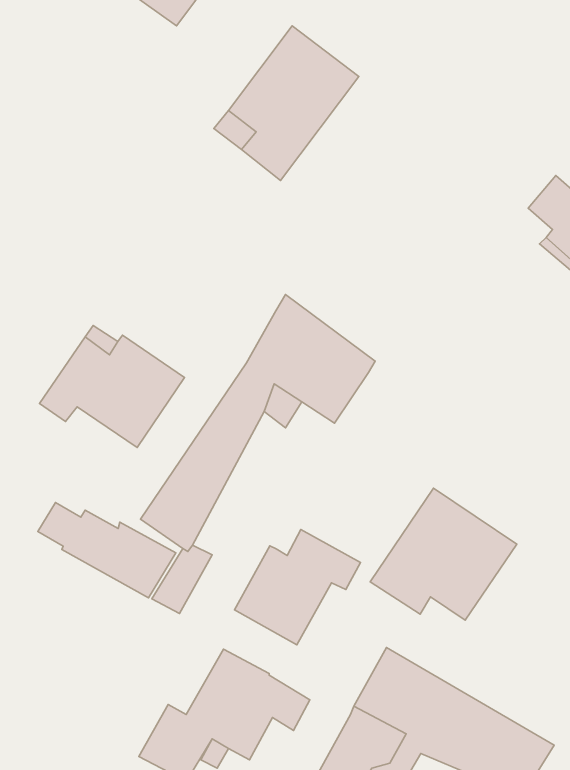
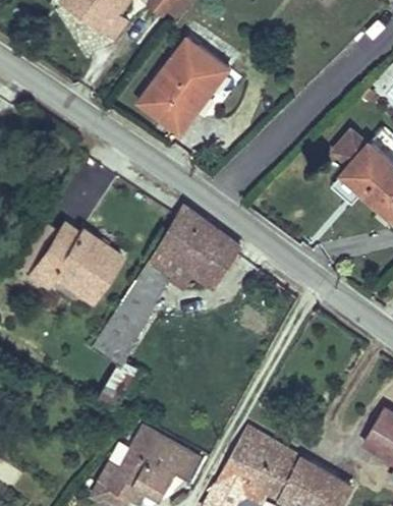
building: [370,488,517,620] -> none
building: [38,502,176,598] -> none
building: [234,529,361,645] -> none

